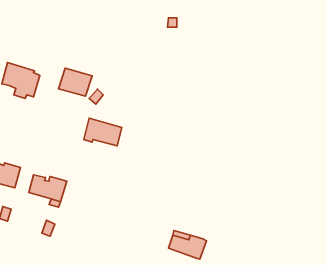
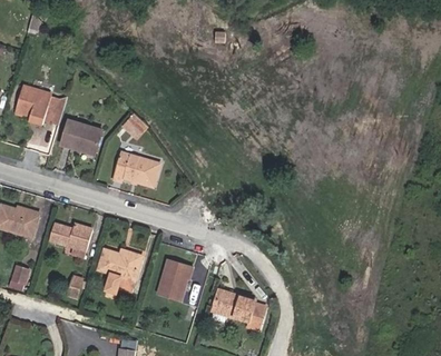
building: [59,68,92,96] -> [60,121,100,155]
building: none -> [95,250,138,291]
building: none -> [155,259,193,300]

